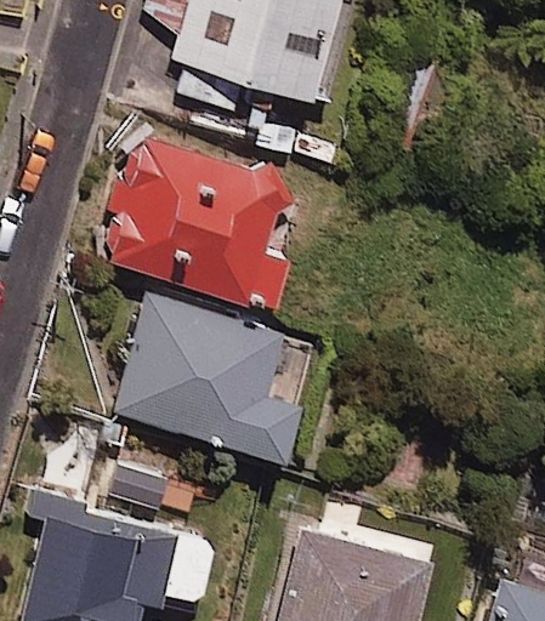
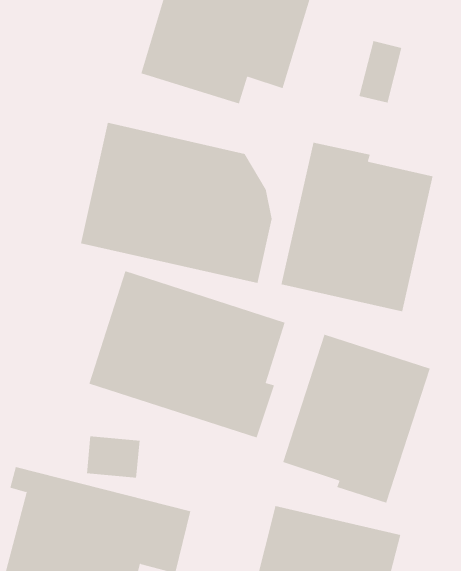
building: none -> [281,142,433,312]
building: none -> [283,334,430,503]

